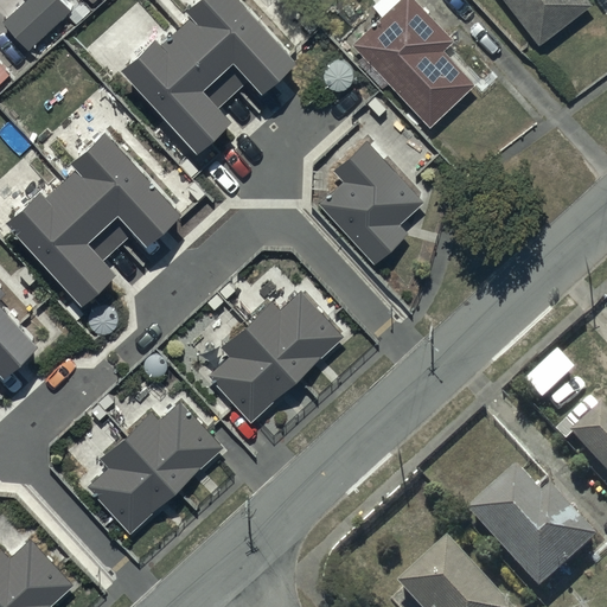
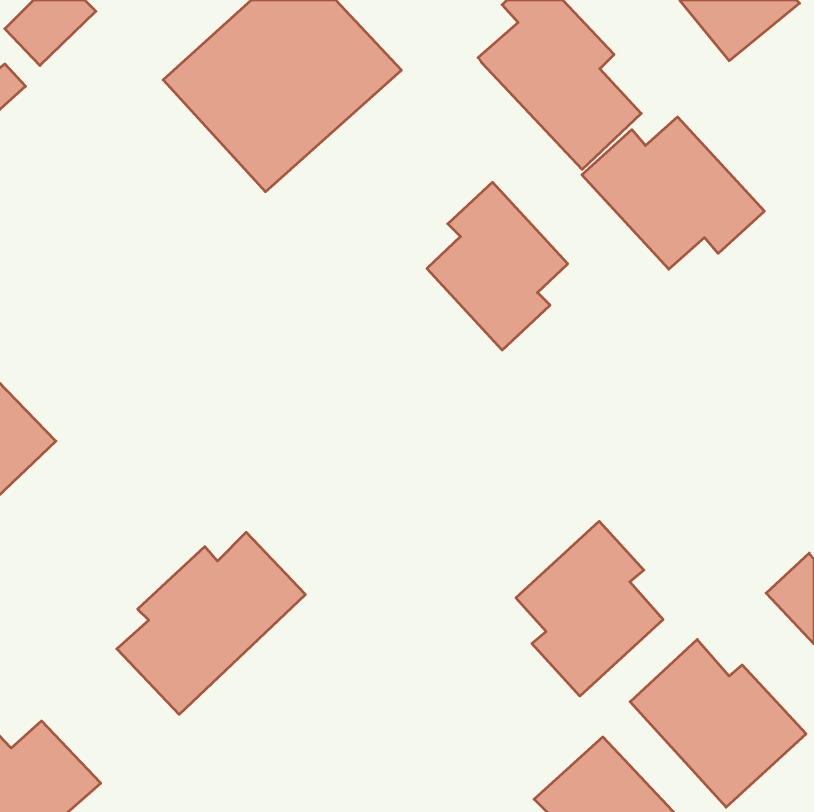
building: none -> [582,117,764,269]
building: [7,126,184,300] -> none
building: [206,289,346,424] -> none
building: none -> [516,521,663,696]

